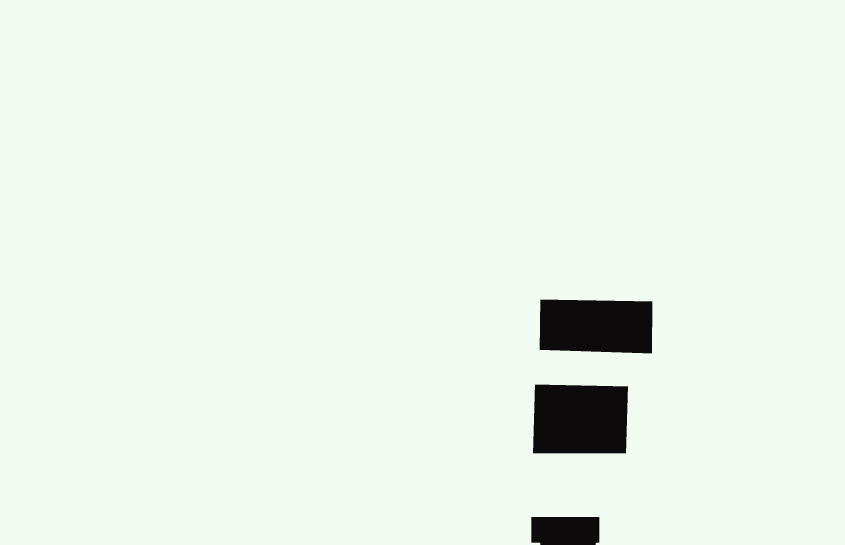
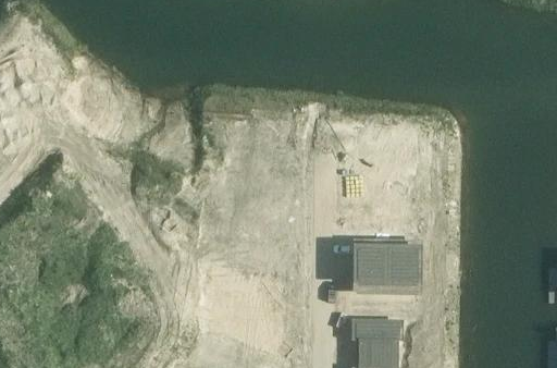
building: [539,299,653,354] -> none

